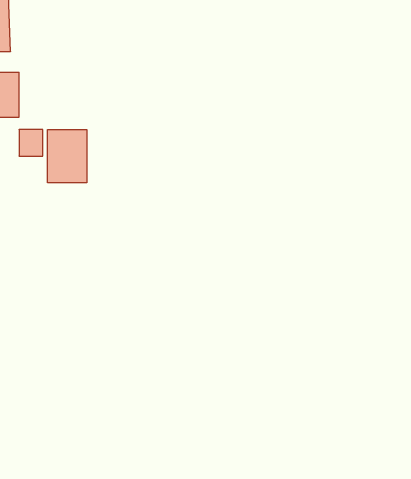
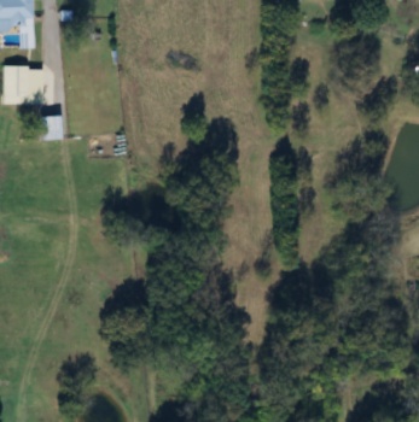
building: [48,130,87,183] -> none

